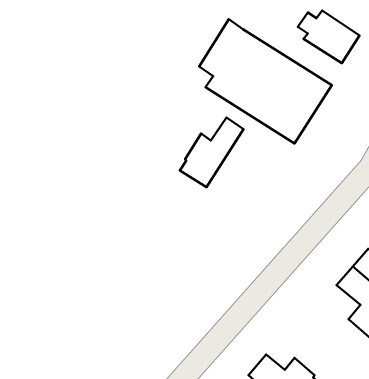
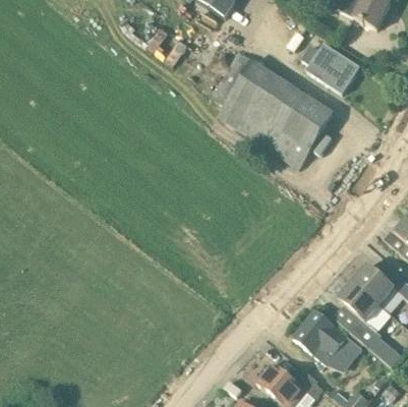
building: [180,117,244,187] -> none
building: none -> [293,310,363,371]

